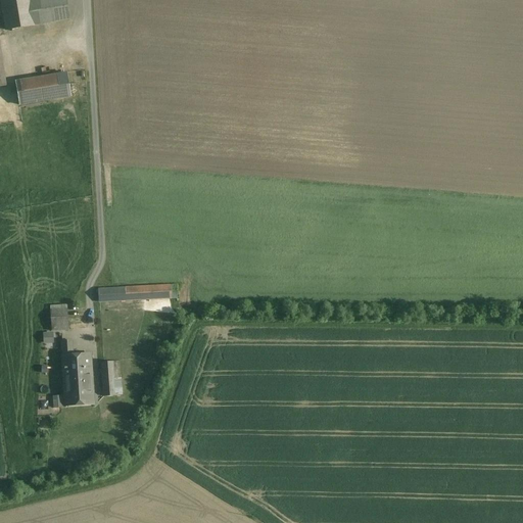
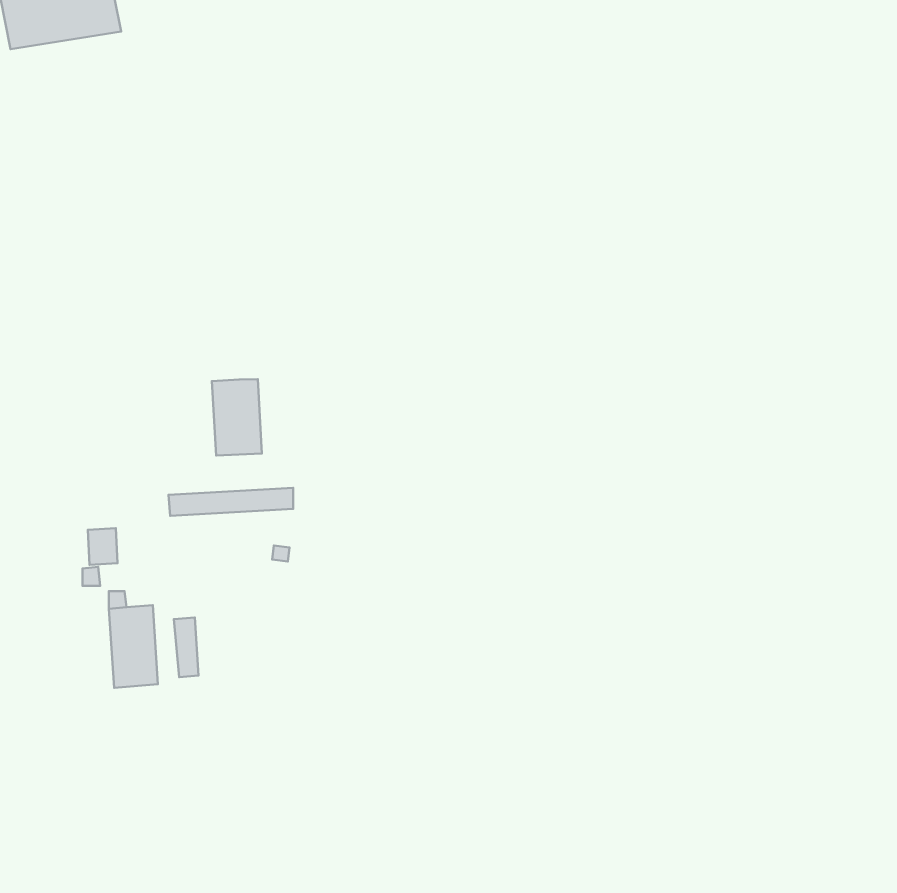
building: [15,72,72,103] -> none
building: none -> [212,379,262,455]

